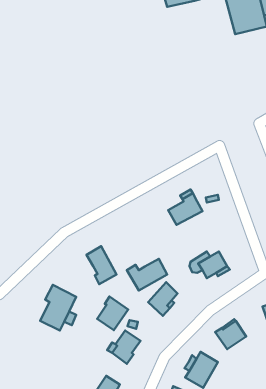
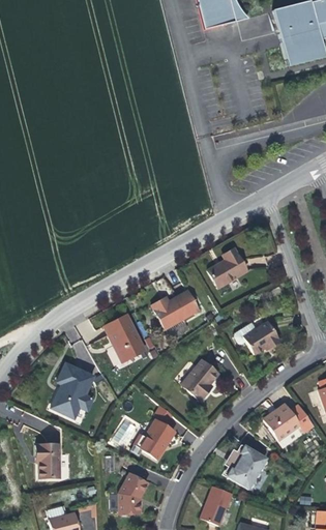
building: [127,259,167,291] -> [150,293,199,331]
building: [97,296,128,330] -> none
building: none -> [36,443,64,478]

